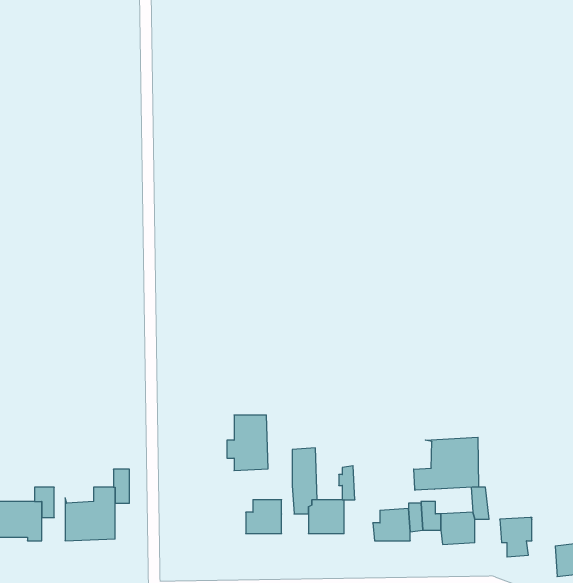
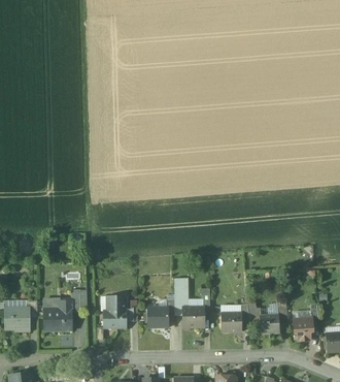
building: [227,415,268,471] -> [103,295,127,327]
building: [414,437,478,490] -> none

